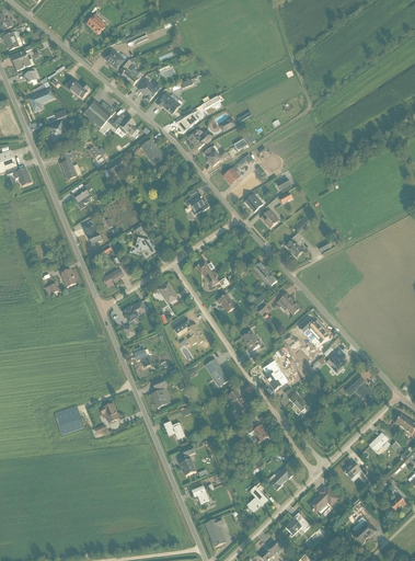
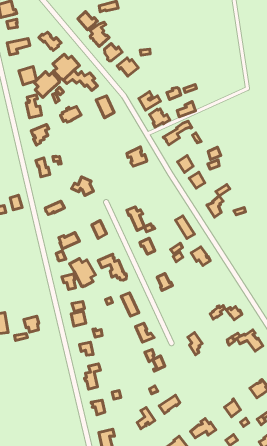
building: none -> [34,72,60,98]
building: none -> [70,258,96,287]

